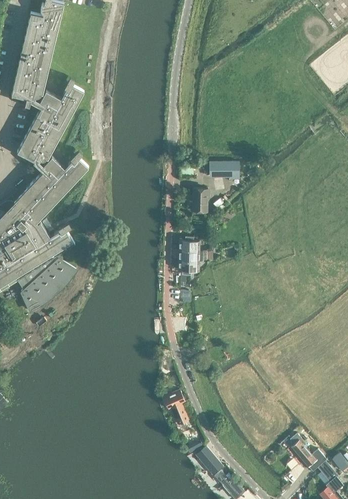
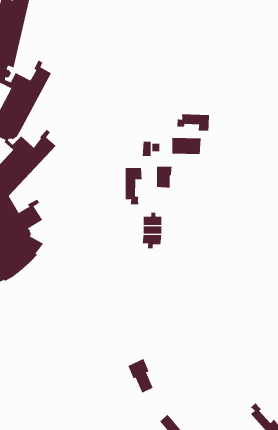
building: none -> [177,113,210,132]
building: none -> [125,167,142,205]

